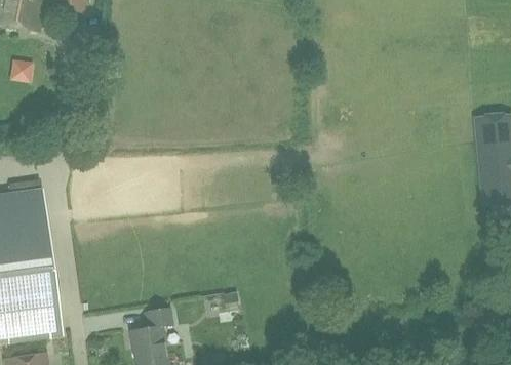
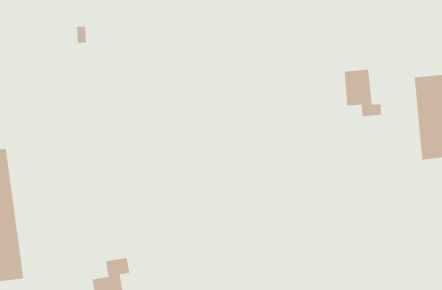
building: none -> [344,69,382,117]

